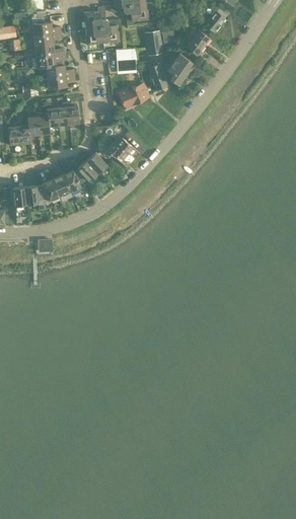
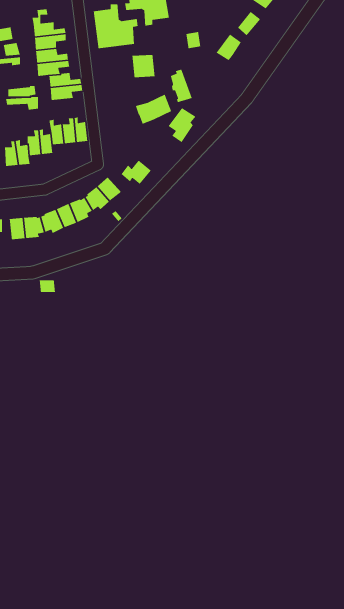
building: [145,29,163,55] -> none
building: [167,55,192,85] -> [168,107,196,143]

